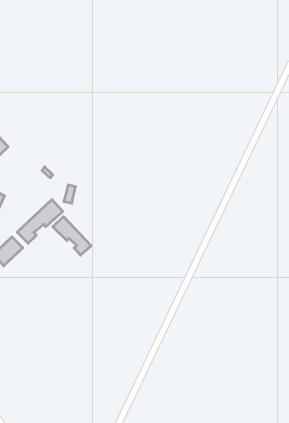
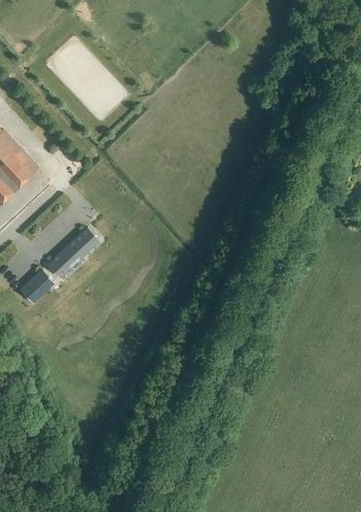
building: [53,217,91,255] -> none

